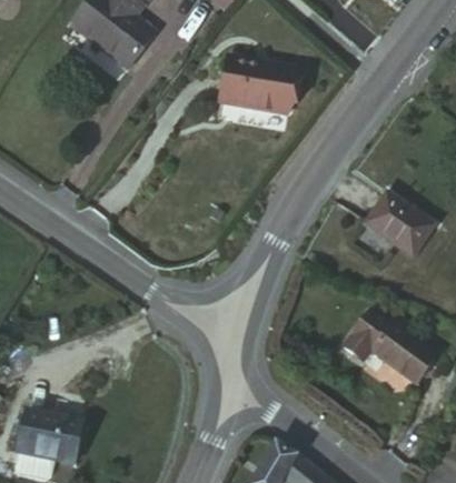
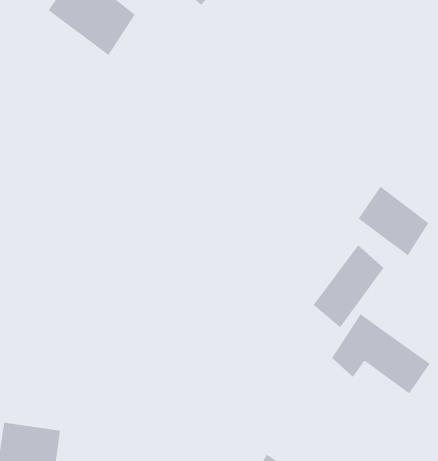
building: [225,60,296,114] -> none
building: none -> [313,244,384,328]

